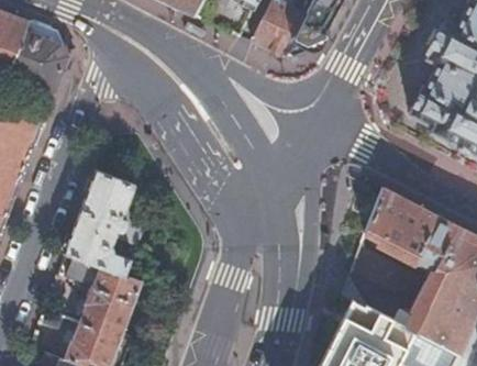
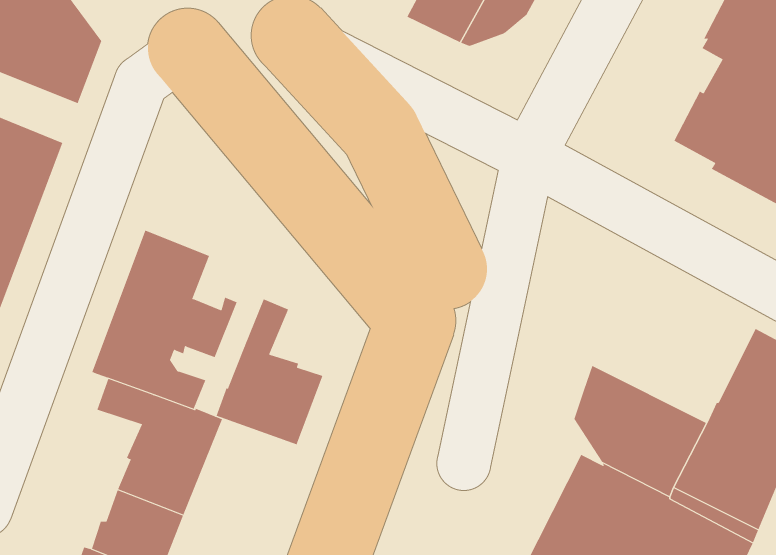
building: [365,188,457,269] -> none
building: none -> [216,298,323,445]

